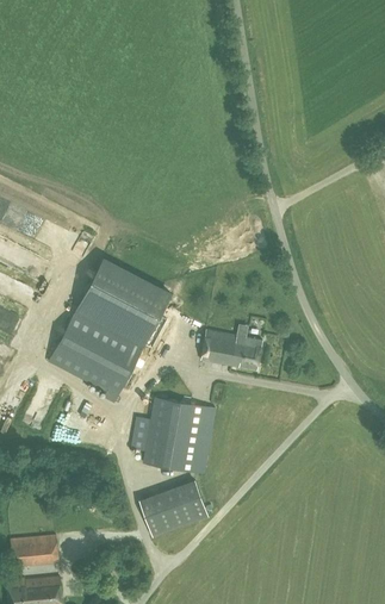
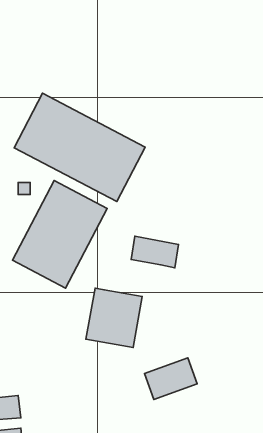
building: none -> [14,93,145,202]
building: [139,482,207,536] -> [144,358,197,400]

